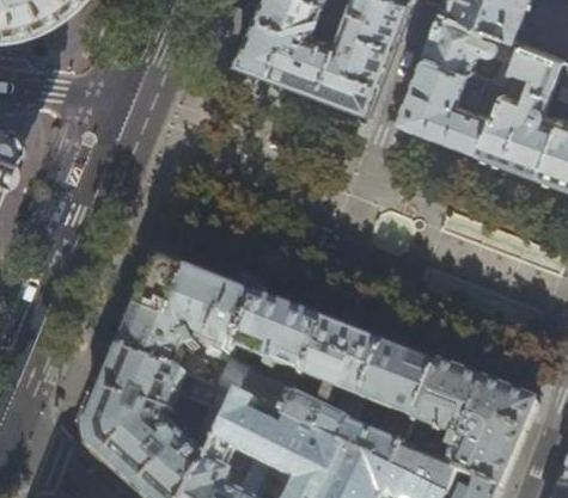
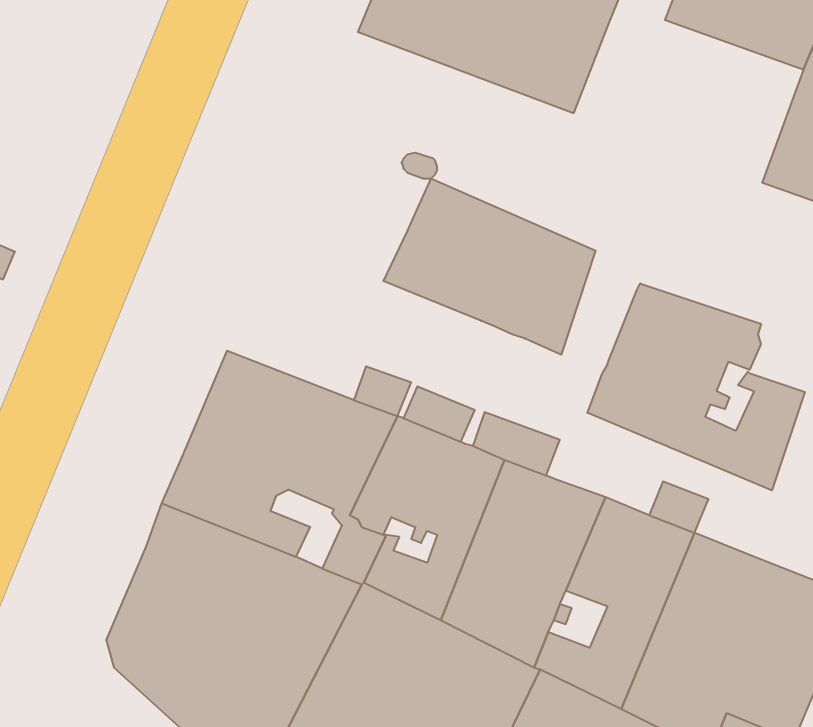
building: [395,60,503,158] -> none
building: none -> [384,178,595,355]
building: none -> [587,283,805,490]

